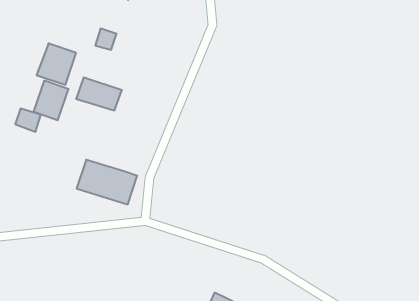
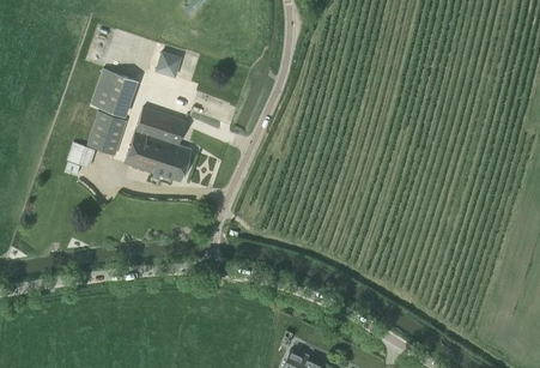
building: [77,160,137,204] -> [125,132,193,182]

